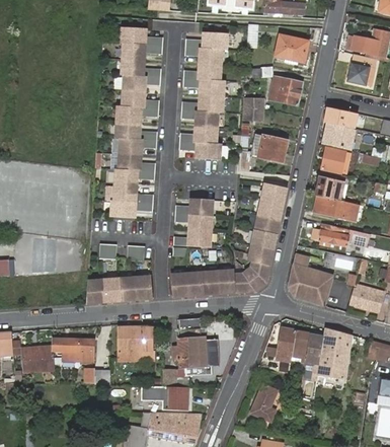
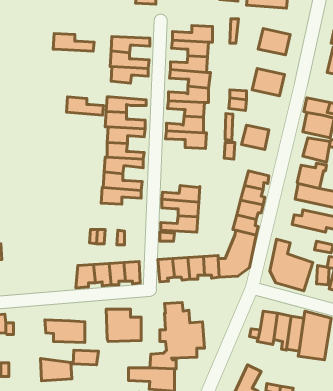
building: [121,26,163,45] -> [53,33,94,51]
building: [121,89,159,108] -> [66,97,103,115]
building: [22,348,55,371] -> [41,358,72,381]

